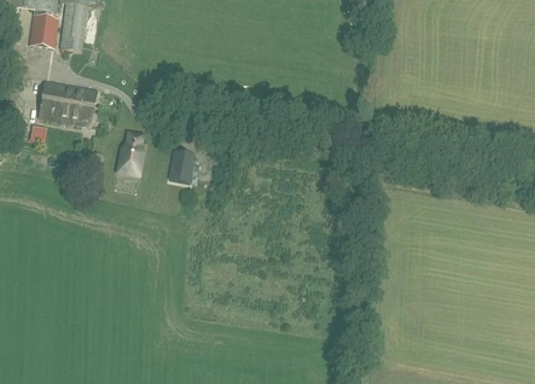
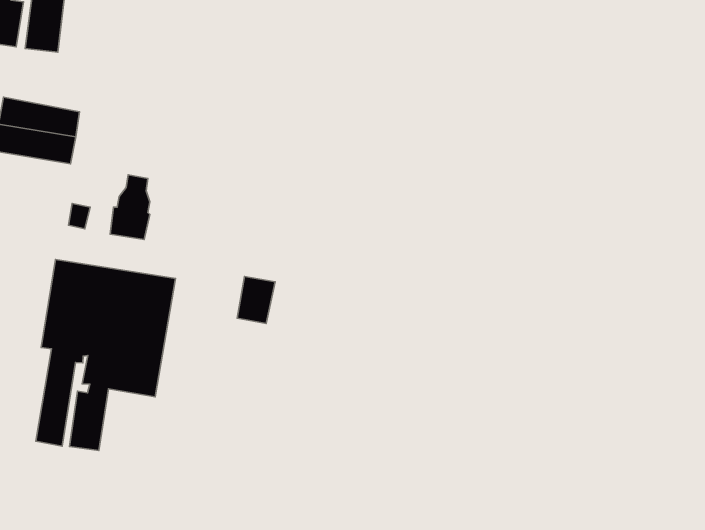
building: [169,150,194,181] -> [237,277,275,323]
building: none -> [36,260,176,451]

